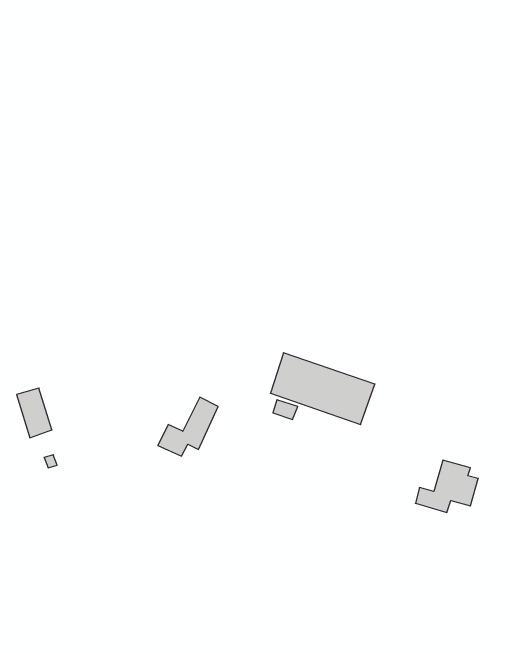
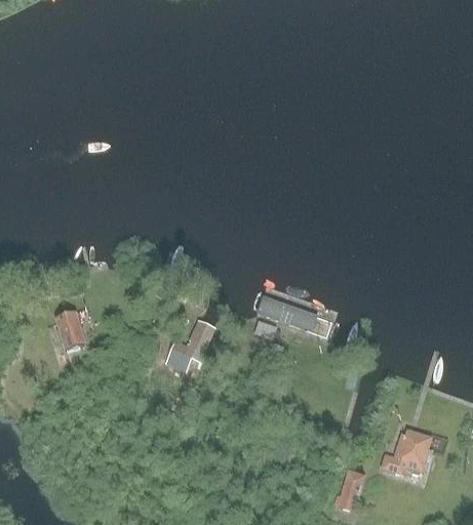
building: [415,460,478,512] -> [381,435,430,476]
building: none -> [339,468,368,511]

